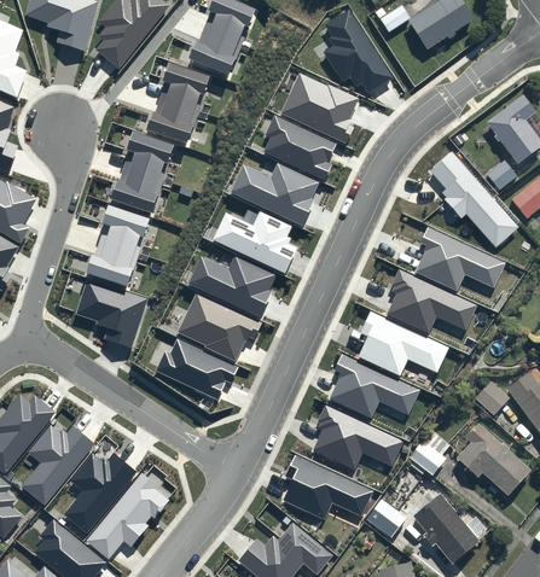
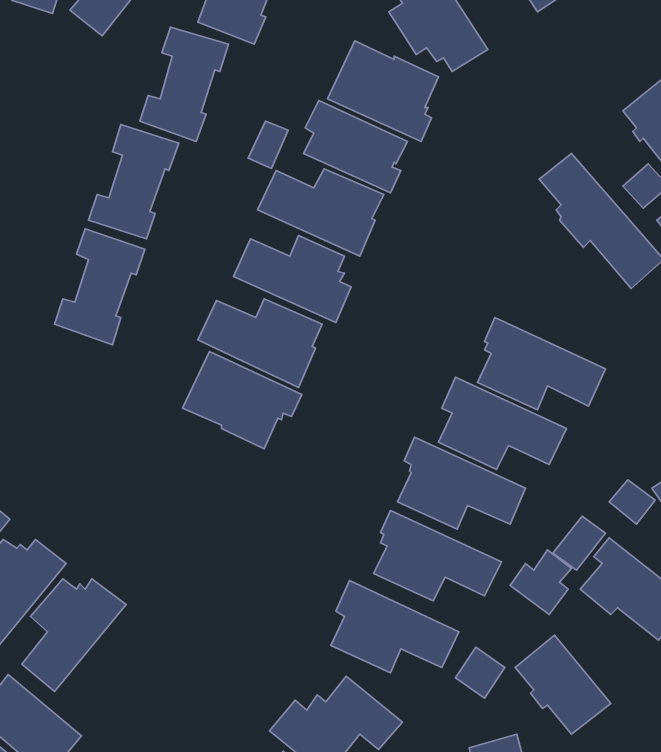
building: none -> [248,121,288,169]
building: [414,227,505,291] -> none
building: [75,280,146,348] -> none
building: [155,338,238,400] -> none
building: none -> [553,516,606,570]
building: [83,471,168,558] -> none

